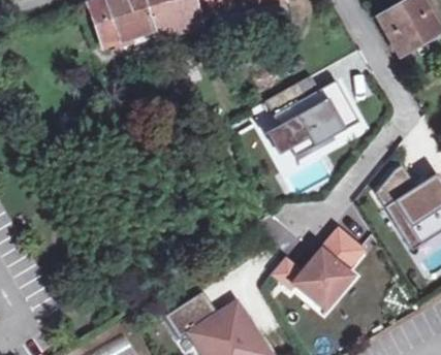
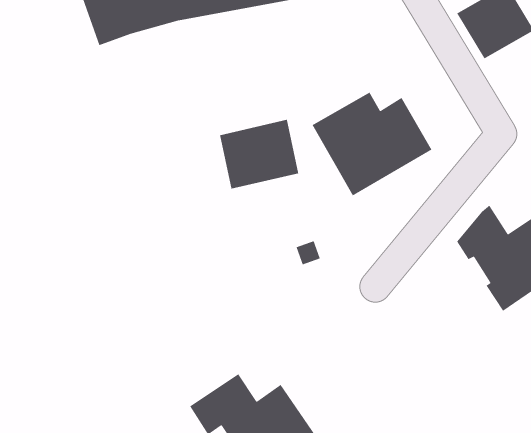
building: none -> [219,119,299,190]
building: [275,233,366,313] -> none

